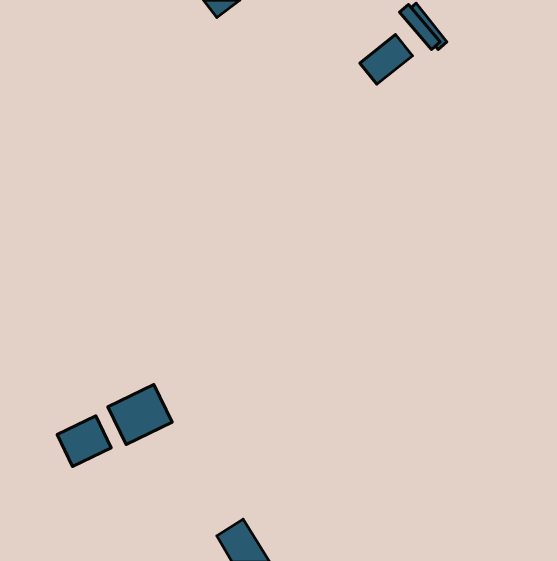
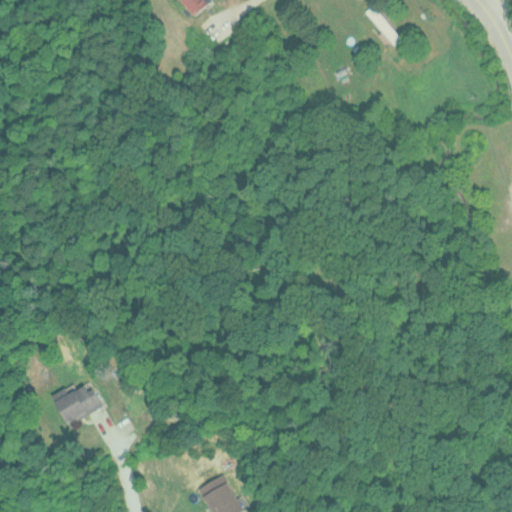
building: [360,35,413,84] -> none
building: [108,384,172,444] -> none

